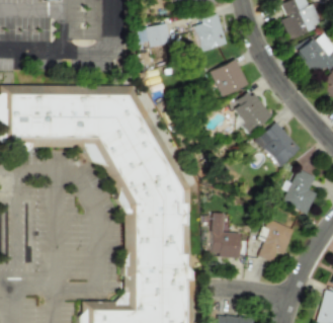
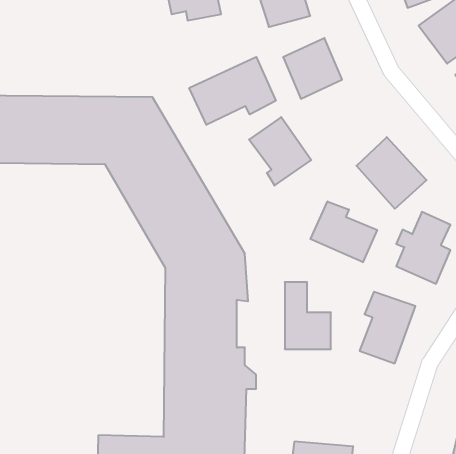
building: none -> [189,57,276,125]
building: [232,89,271,133] -> [249,117,311,186]
building: none -> [310,201,377,262]

